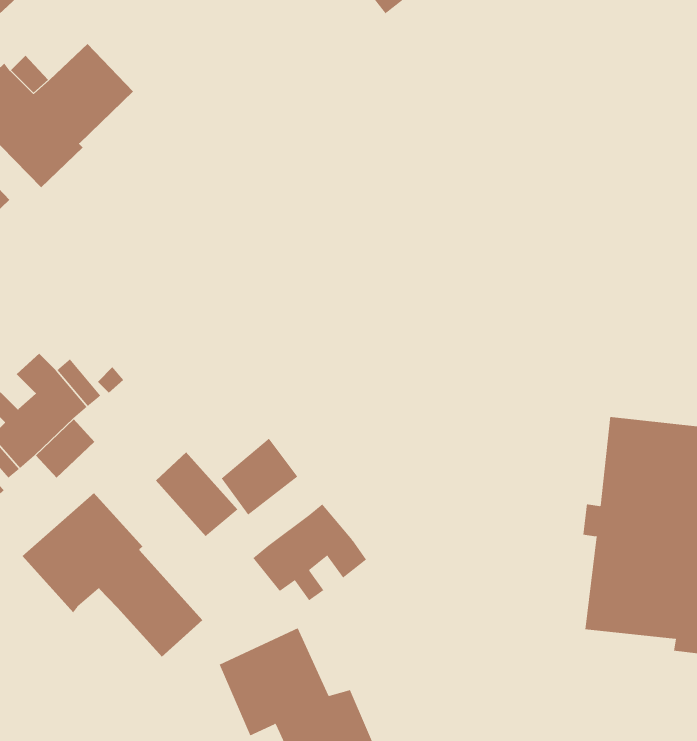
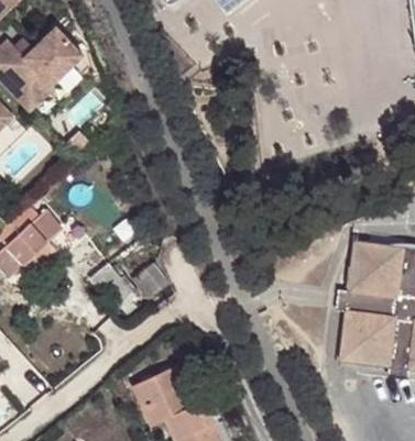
building: [21,492,203,658] -> none
building: [252,503,367,601] -> none

